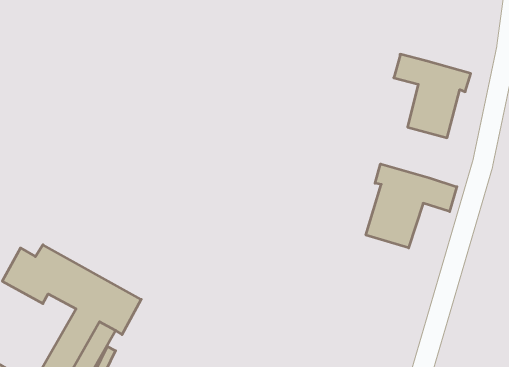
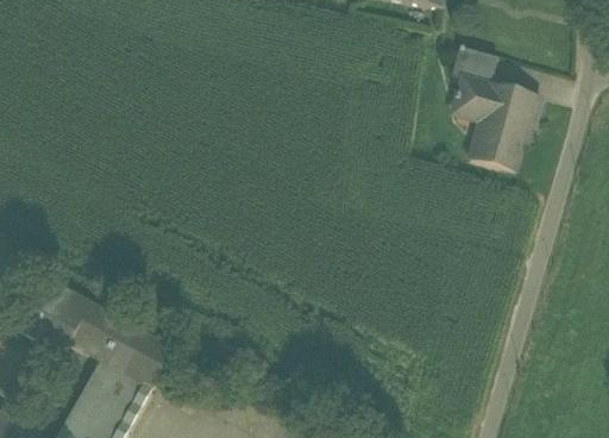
building: none -> [451,40,496,79]
building: [366,164,457,248] -> none

